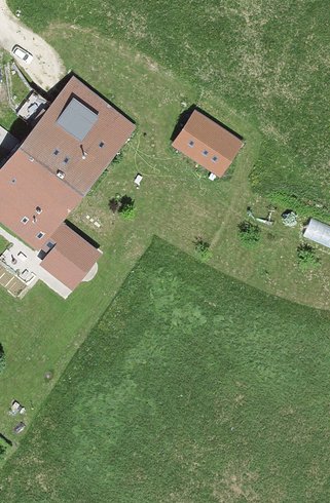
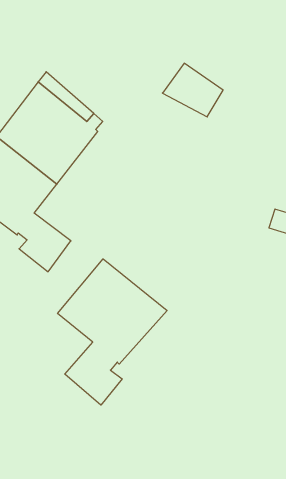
building: [171,116,233,171] -> [162,63,223,117]
building: none -> [58,259,167,405]

